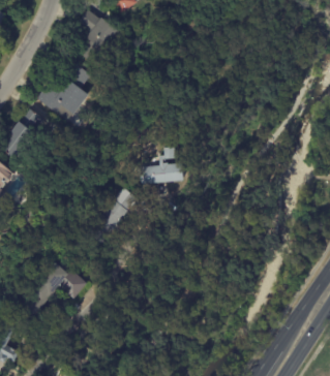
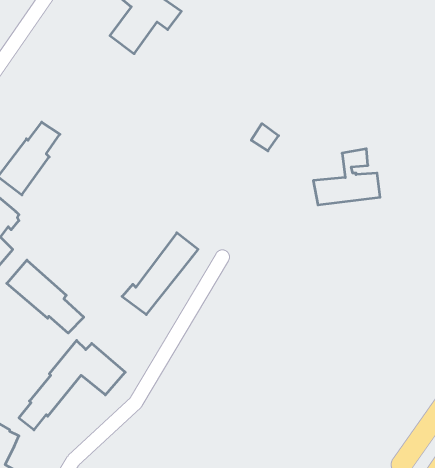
building: [37,62,91,123] -> none
building: [139,145,184,183] -> [313,149,380,205]
building: none -> [7,260,84,333]

